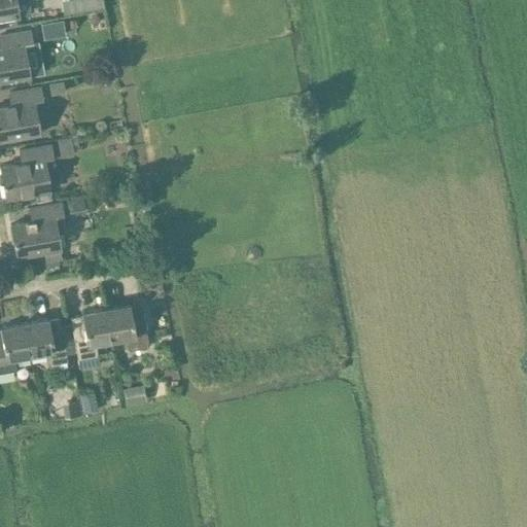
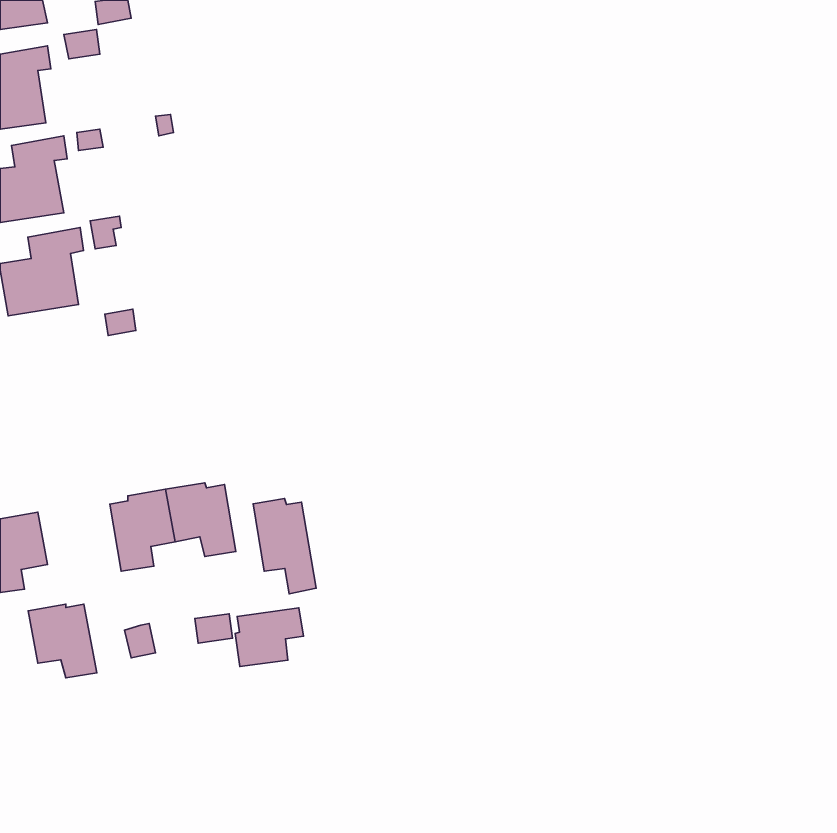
building: [9,204,63,259] -> none
building: none -> [253,499,316,594]
building: [24,320,67,366] -> [28,604,97,678]
building: none -> [235,608,303,666]

